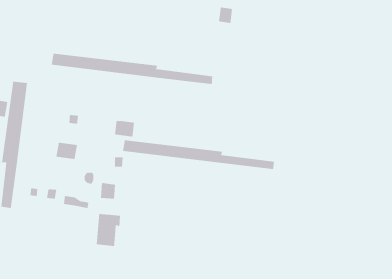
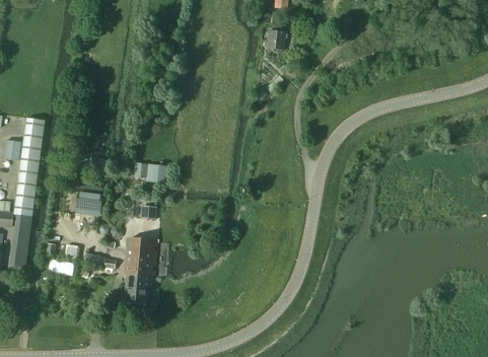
building: [51,53,213,85] -> none
building: [123,140,274,170] -> none
building: none -> [127,239,158,276]

